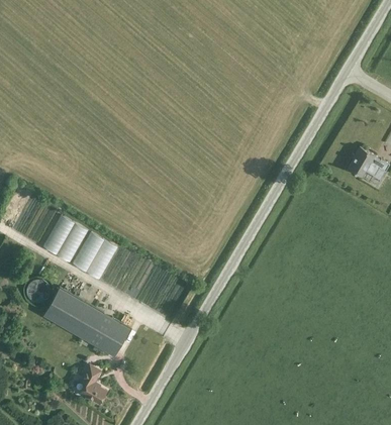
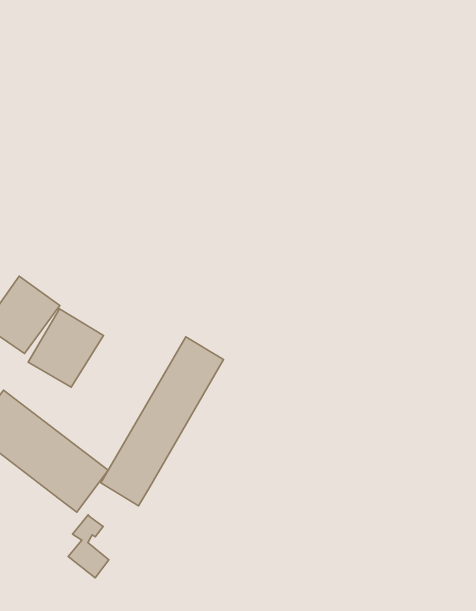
building: none -> [101,337,224,506]
building: [81,365,106,404] -> [68,515,109,578]

